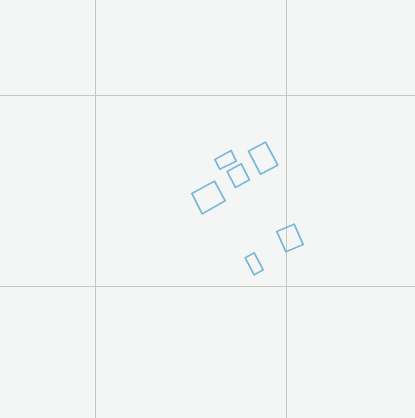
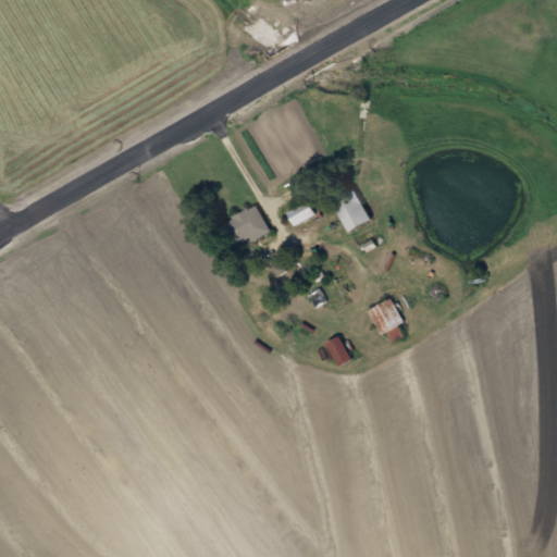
building: [227,164,250,187] -> none
building: [192,181,225,214] -> [225,203,270,247]

